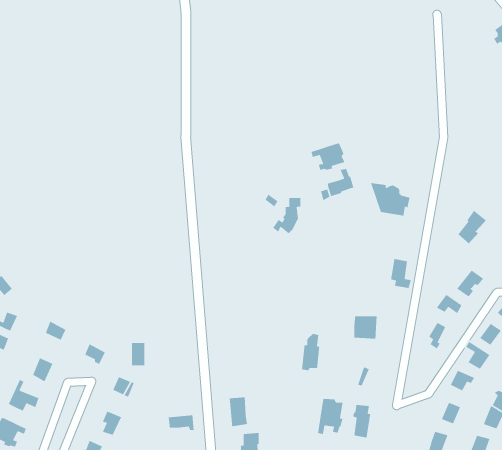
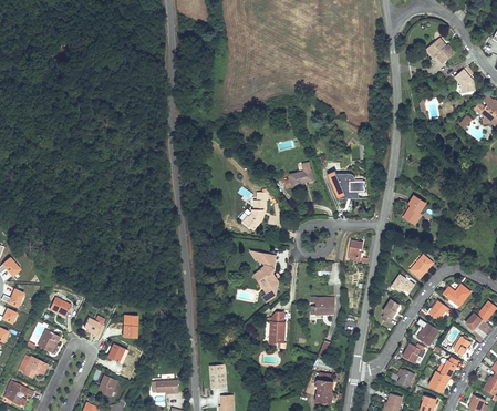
building: [310,142,346,171] -> none
building: none -> [255,251,284,304]
building: [317,398,343,435] -> none

